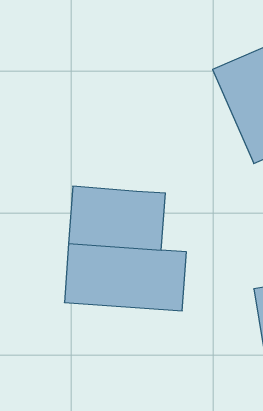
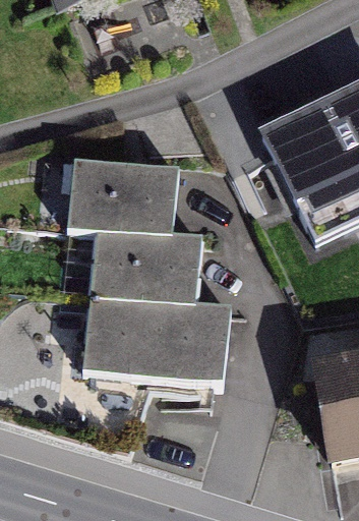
building: none -> [67,167,176,243]

